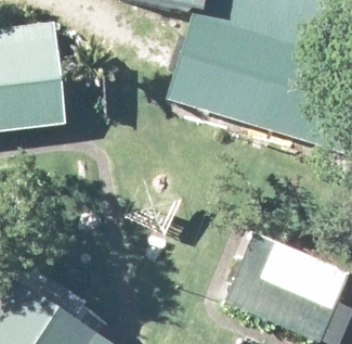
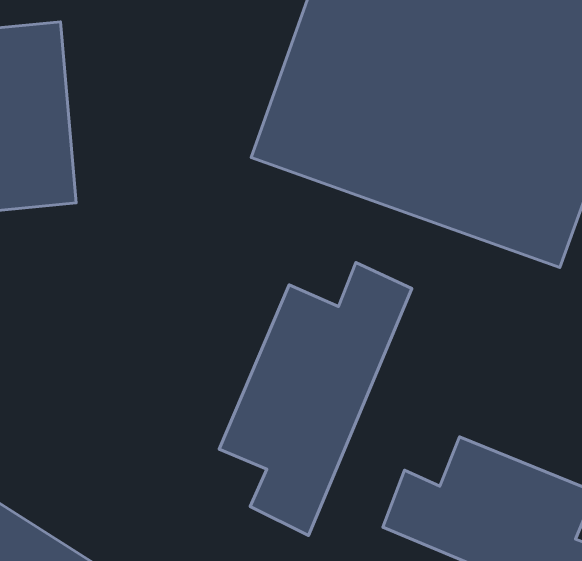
building: none -> [219,263,412,536]

